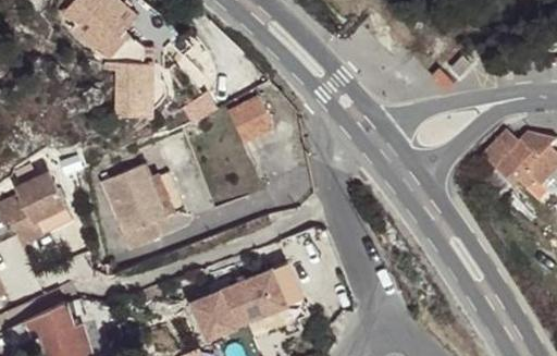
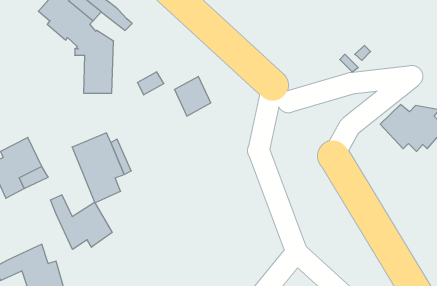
building: none -> [50,195,112,249]
building: [191,262,302,339] -> none

